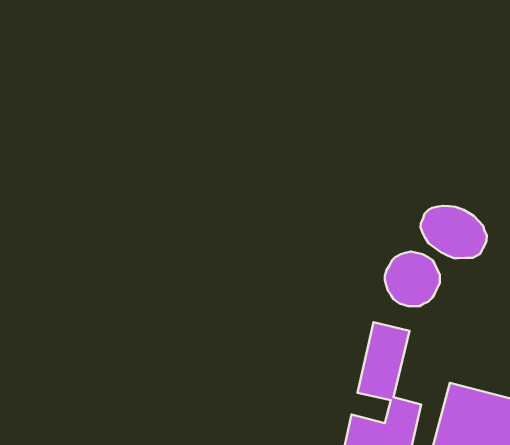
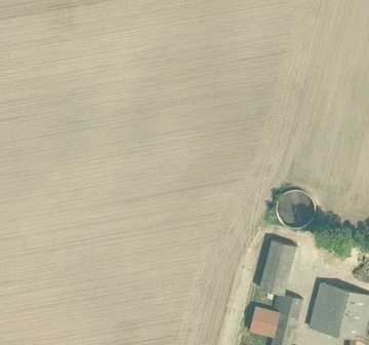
building: [421,206,487,258] -> none

